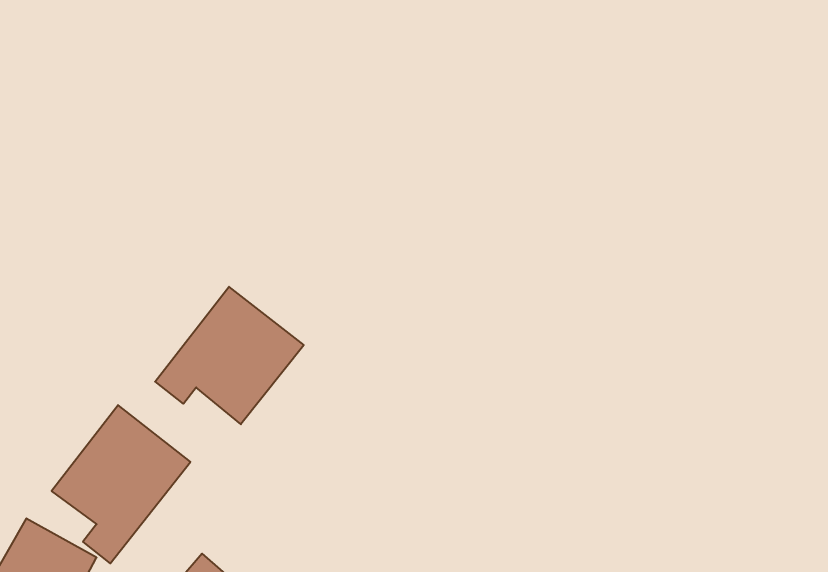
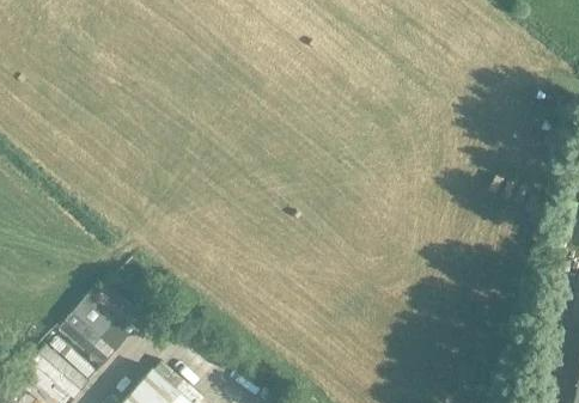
building: [155,287,304,424] -> none

